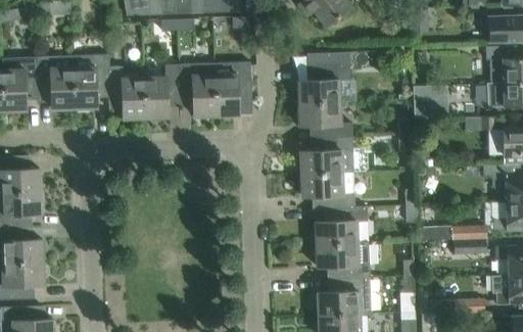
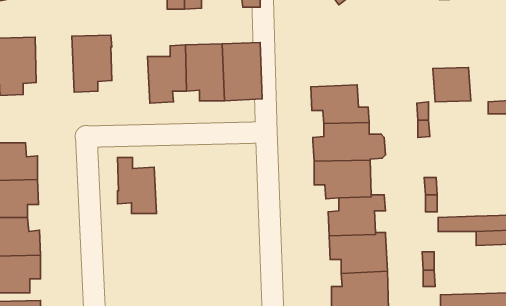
building: [297,52,350,103] -> none
building: [37,55,74,109] -> none
building: [108,65,145,118] -> [117,158,156,214]

